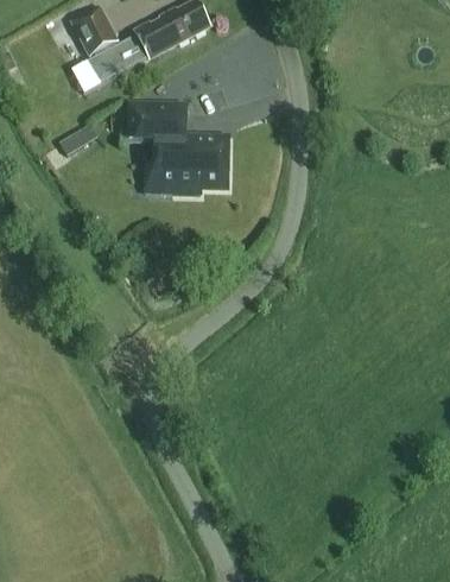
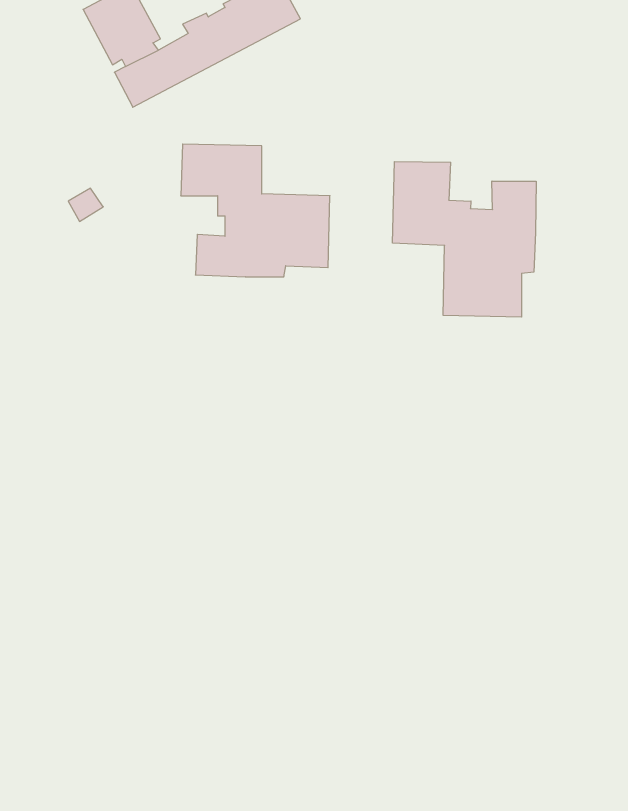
building: none -> [393,162,536,317]

